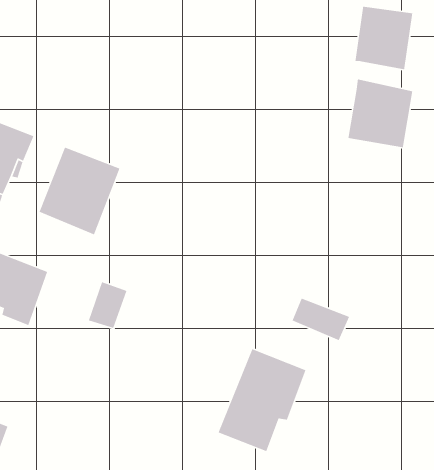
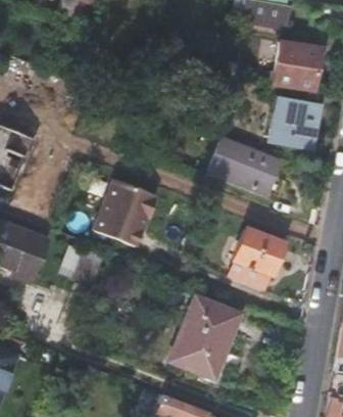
building: none -> [210,135,284,195]
building: [39,146,121,235] -> [95,181,156,247]
building: none -> [235,228,284,274]

